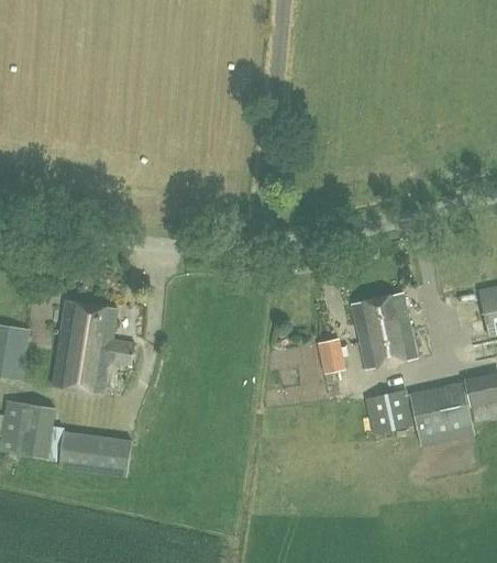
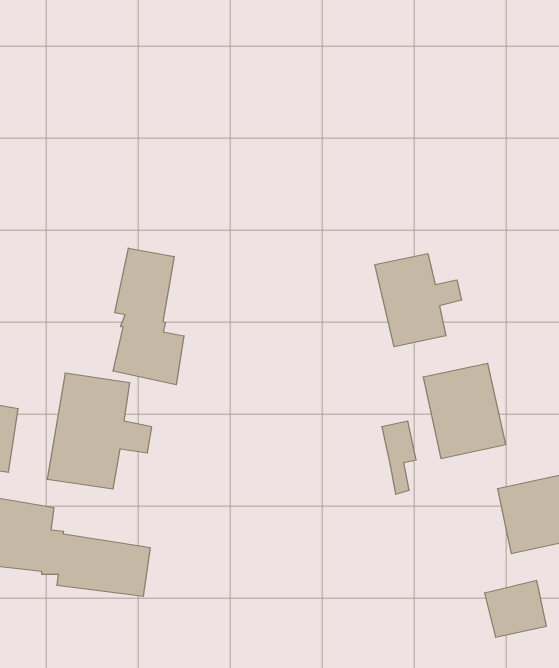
building: none -> [113,248,184,385]
building: none -> [375,254,461,347]
building: [364,388,413,433] -> [484,581,546,637]

